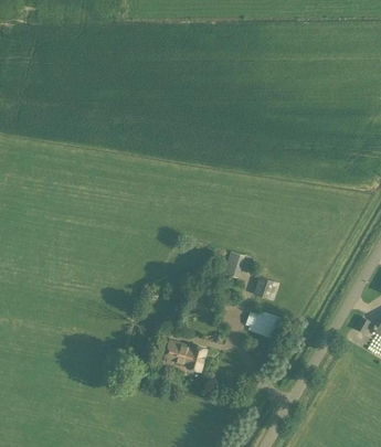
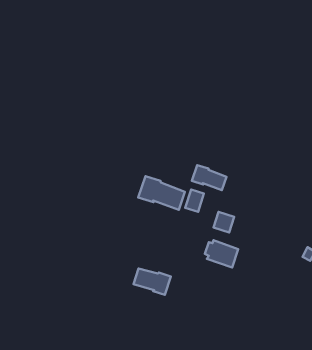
building: none -> [192,165,227,190]
building: none -> [138,176,185,210]

